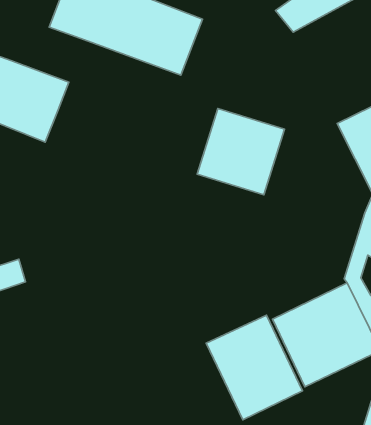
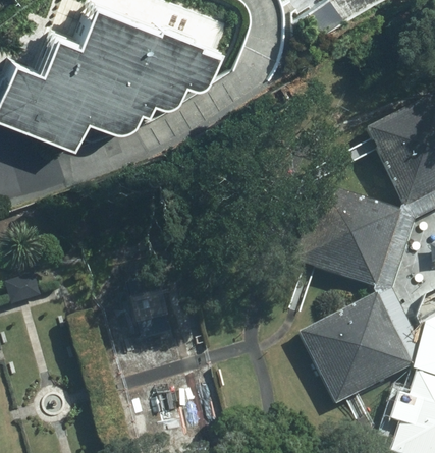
building: none -> [30,20,206,125]
building: [197,108,285,195] -> [306,201,396,290]
building: [206,315,302,420] -> none

